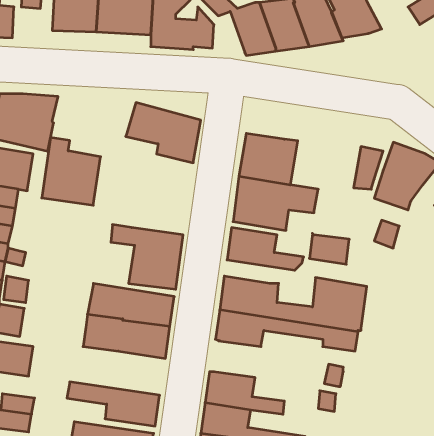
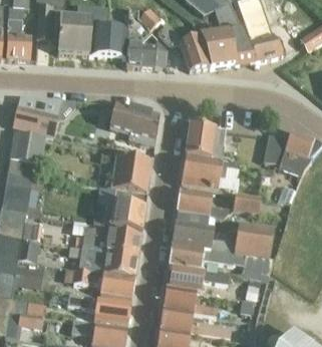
building: [42,138,101,205] -> [111,147,151,194]
building: none -> [166,266,228,292]
building: none -> [73,269,134,299]

